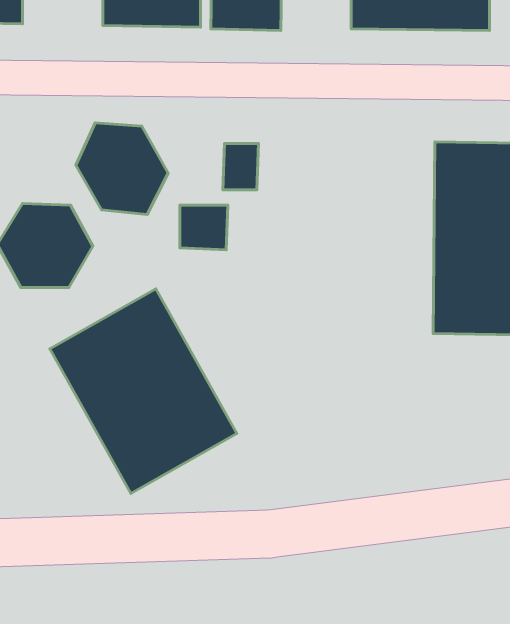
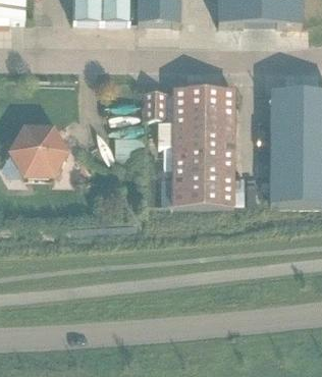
building: [76,123,168,214] -> none
building: none -> [172,89,234,202]
building: [50,289,237,494] -> none

